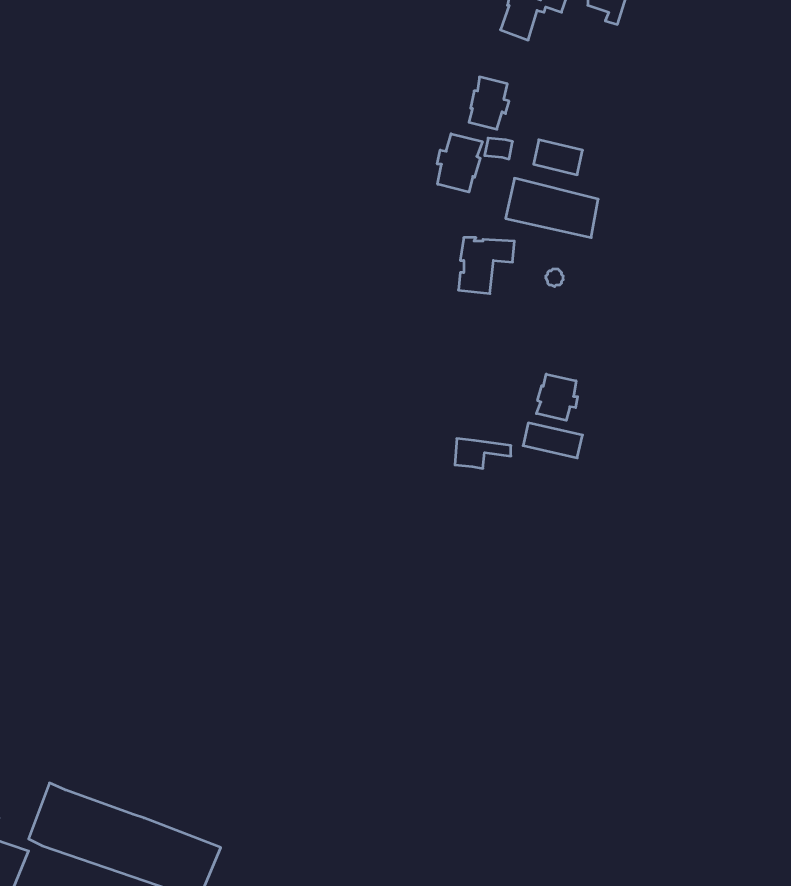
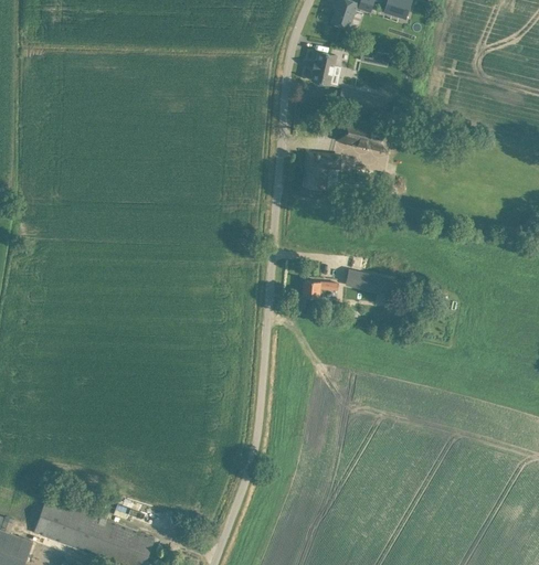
building: [437,134,482,192] -> none
building: [536,374,578,420] -> none

